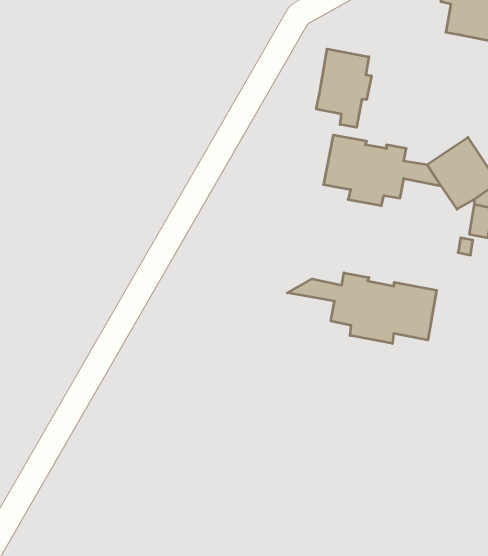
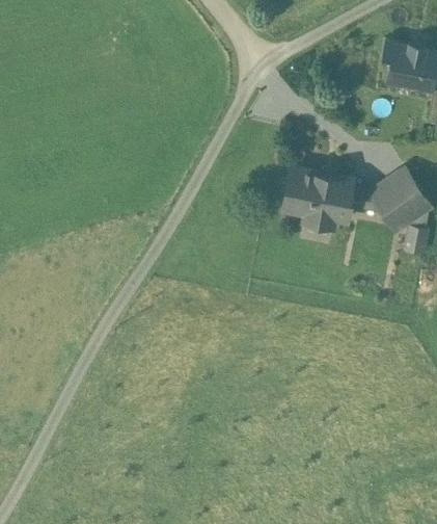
building: [316,49,371,127] -> none
building: [287,273,437,344] -> none

